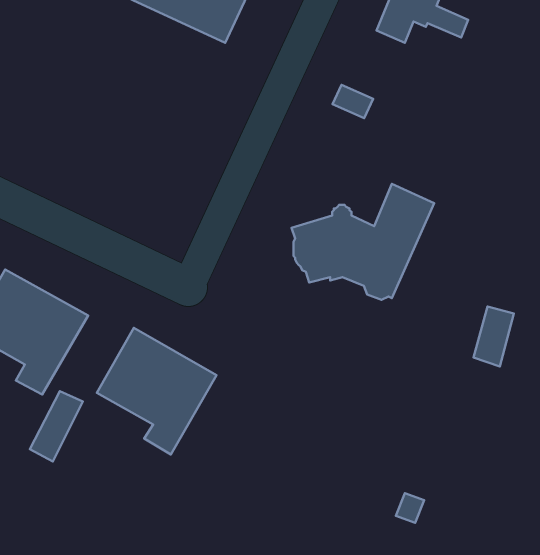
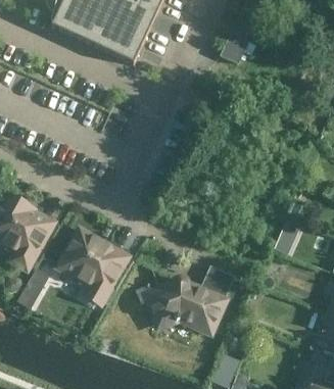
building: [292,184,434,300] -> [152,263,235,331]

